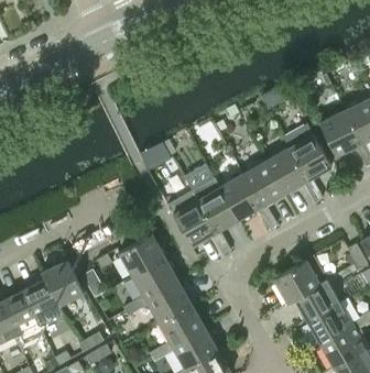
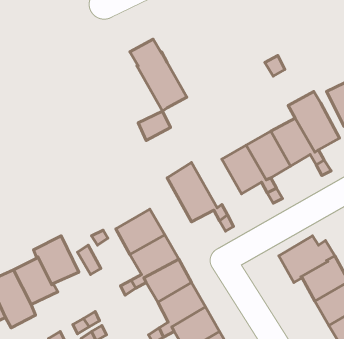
building: [184,165,238,233] -> [130,39,187,111]

